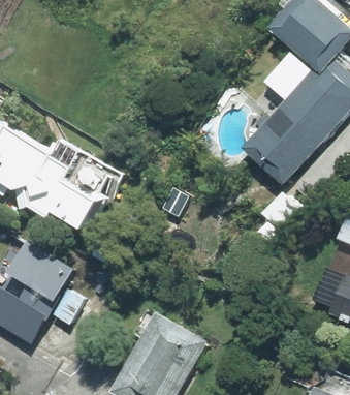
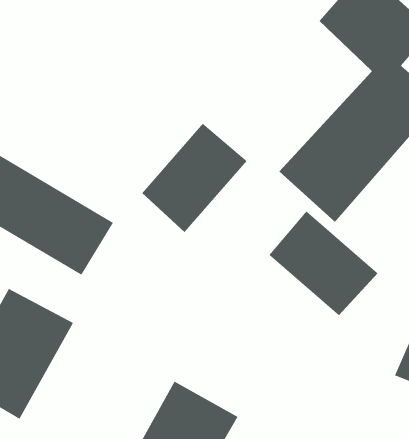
building: none -> [142,123,248,233]
building: none -> [269,211,378,316]

